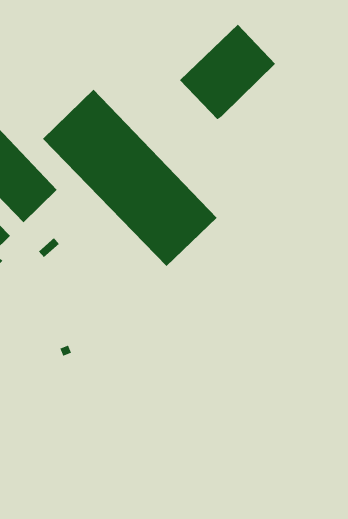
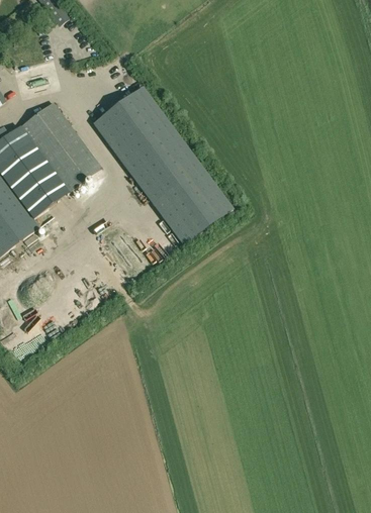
building: [179,24,276,120] -> none

